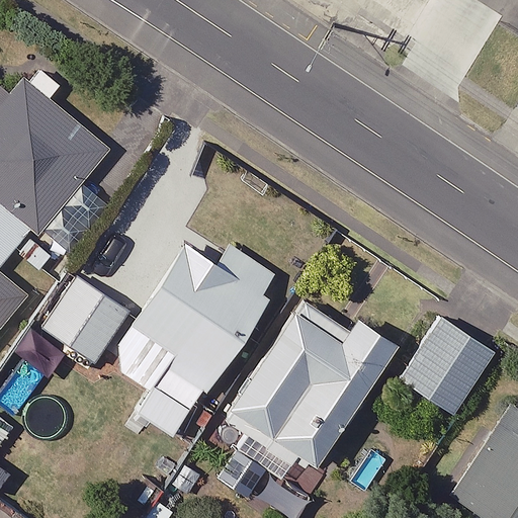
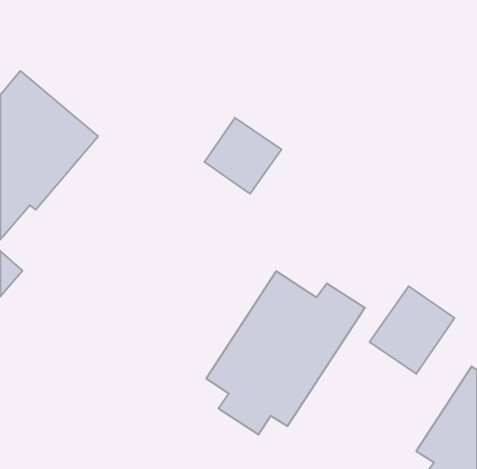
building: none -> [204,118,281,194]
building: [45,236,279,438] -> none

